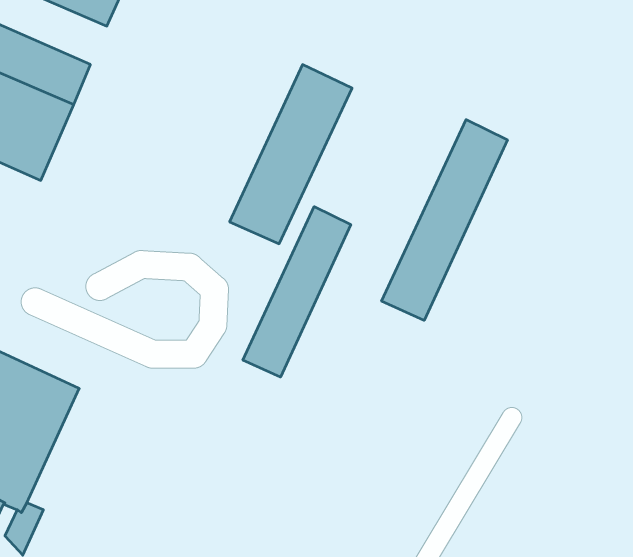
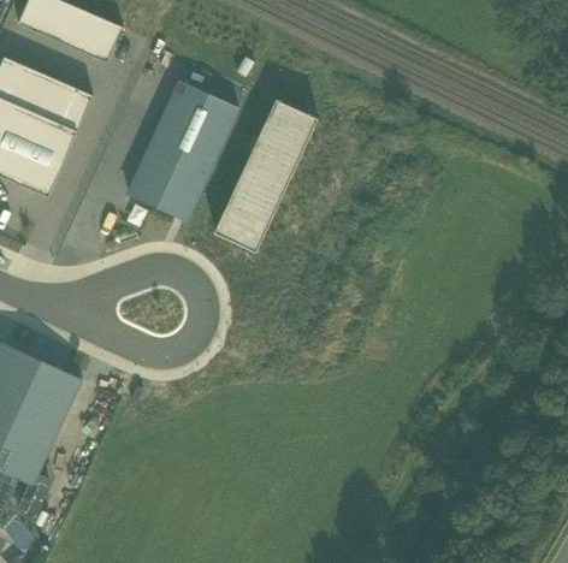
building: none -> [128,79,238,220]
building: [382,120,507,320] -> none
building: [243,207,351,377] -> none

